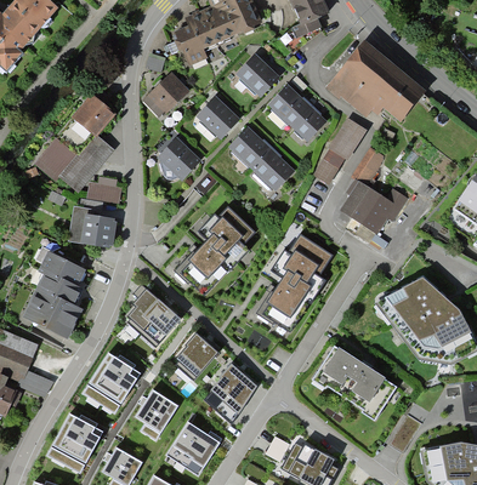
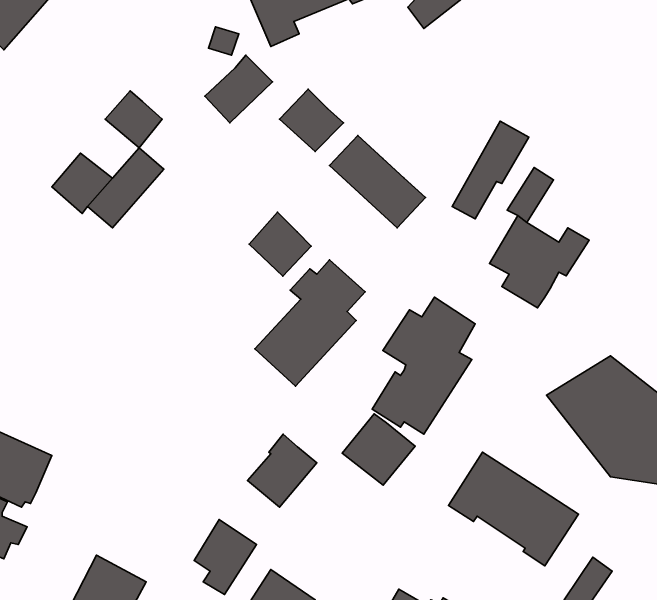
building: [328,41,426,122] -> none
building: [238,56,282,98] -> none
building: [272,87,328,142] -> none
building: [155,136,198,179] -> [249,212,311,276]
building: [89,179,119,205] -> none
building: [69,205,115,244] -> none
building: [24,252,85,338] -> none
building: [124,286,182,346] -> none
building: [83,352,141,412] -> none
building: [210,361,260,410] -> [342,414,415,485]
building: [16,370,55,396] -> none

